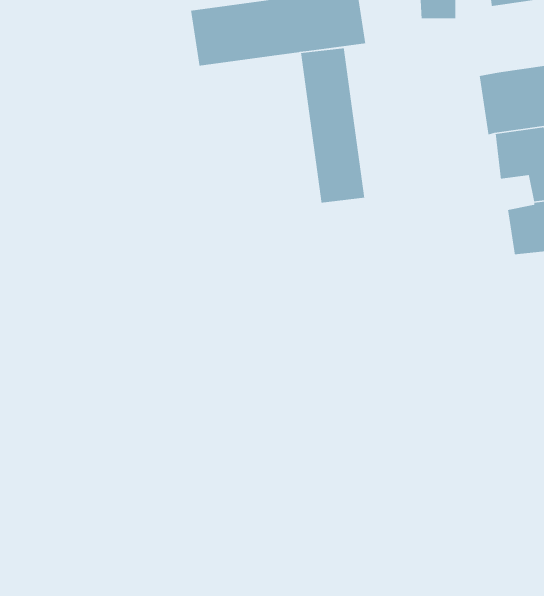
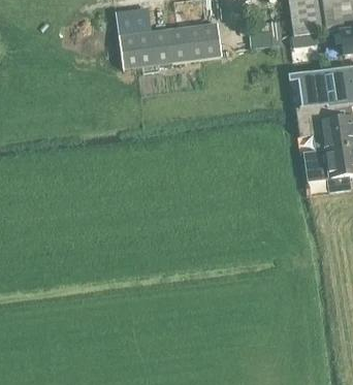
building: [300,48,365,203] -> none

